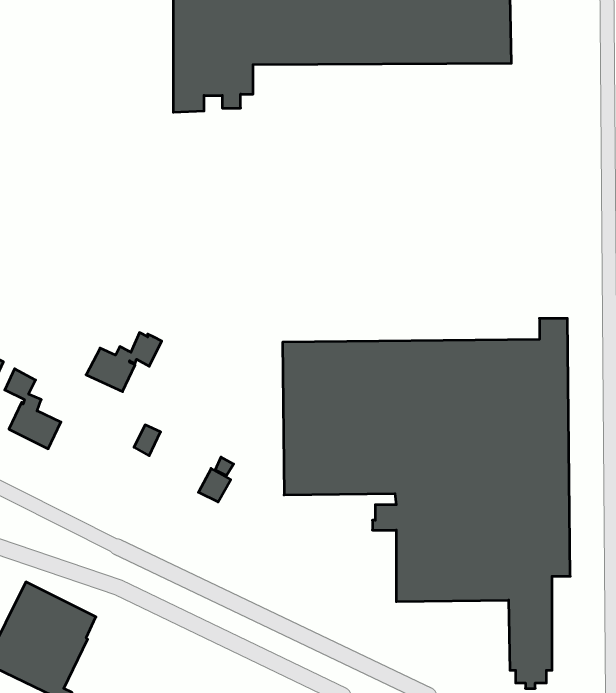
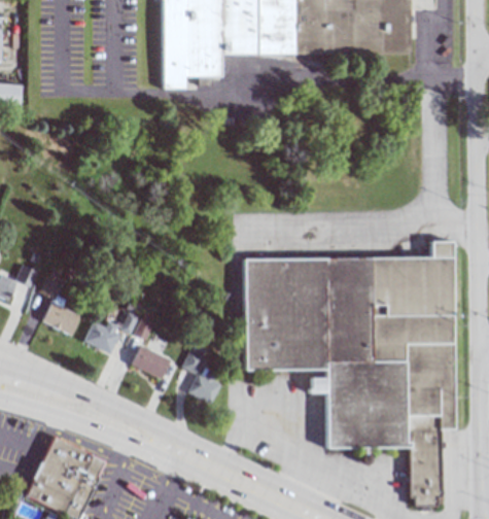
building: [86,333,162,392] -> [83,311,139,354]
building: none -> [131,345,171,380]
building: none -> [186,369,220,406]

